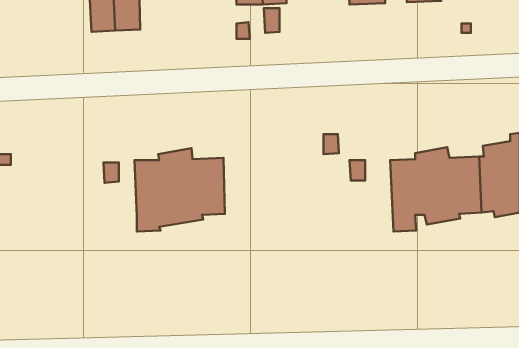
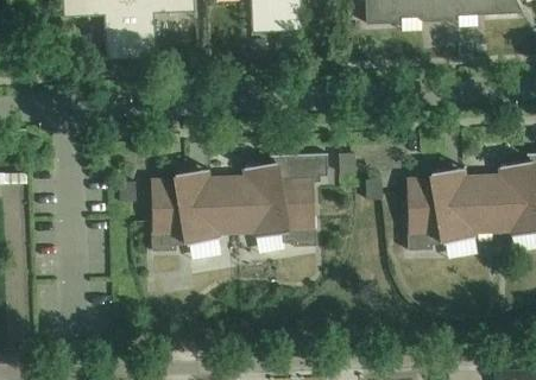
building: none -> [239,153,327,246]

